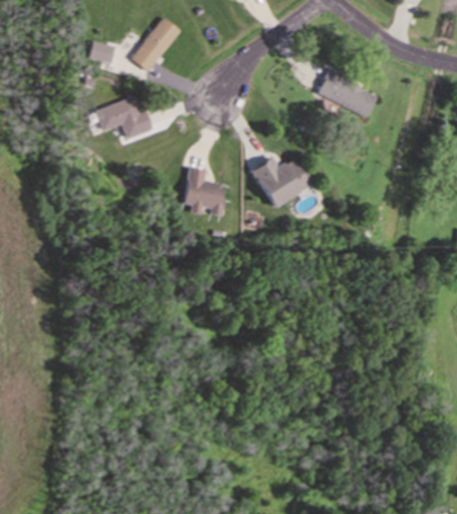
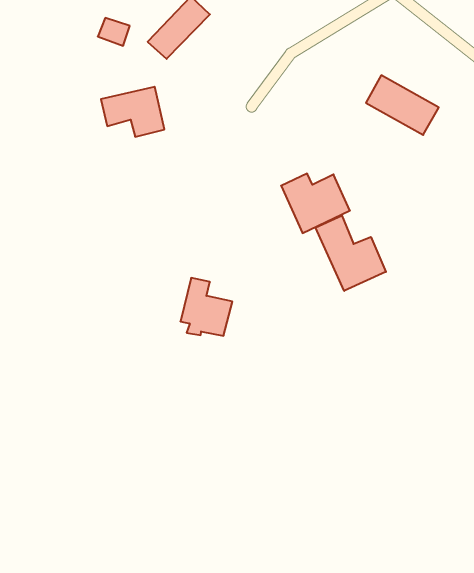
building: [184,167,226,214] -> [180,278,232,336]
building: none -> [316,216,386,291]

